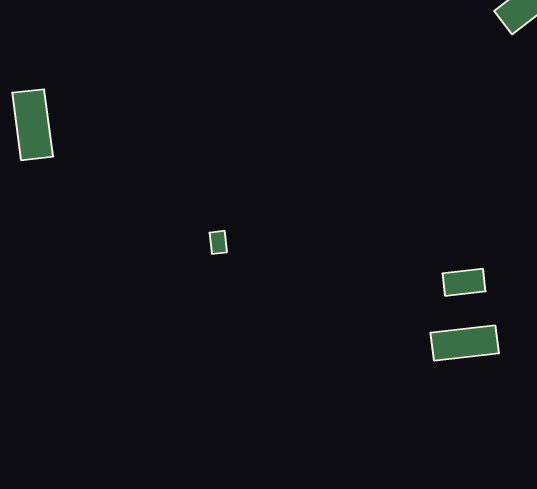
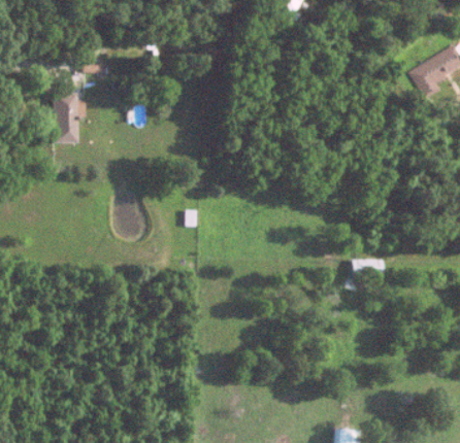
building: [430,325,499,361] -> none

